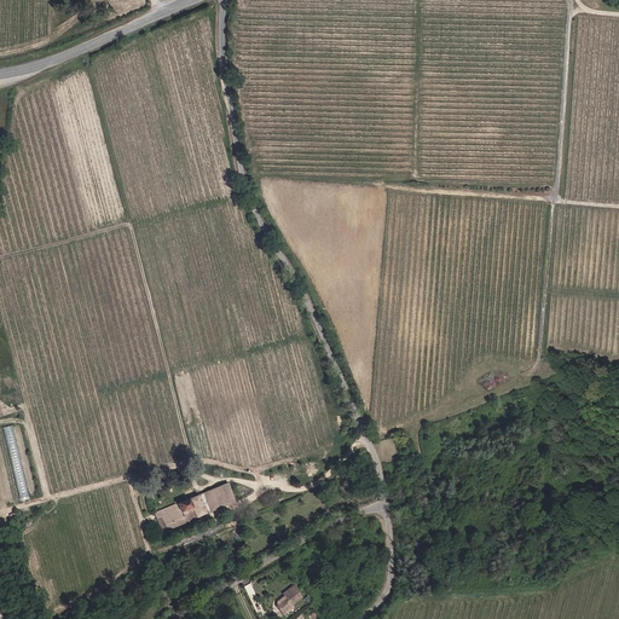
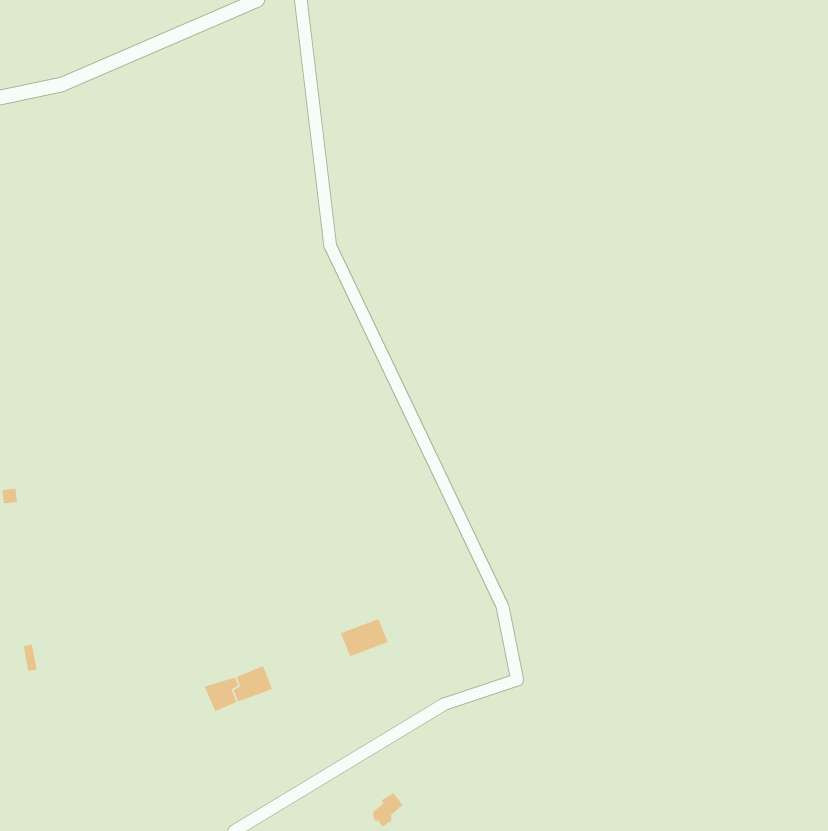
building: [198,484,235,513] -> [340,618,389,657]

